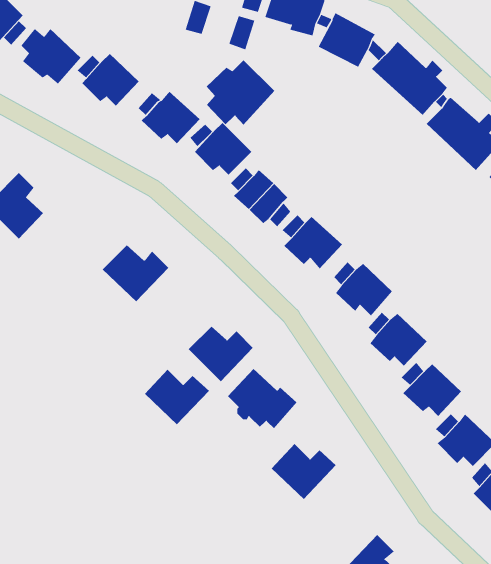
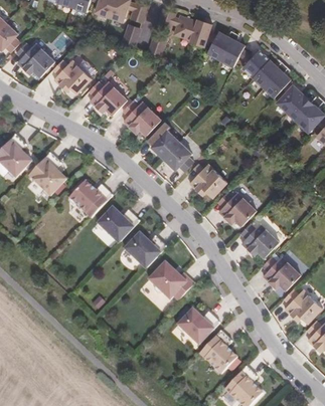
building: [206,60,275,125] -> none
building: none -> [28,153,65,196]
building: [144,369,210,425] -> [97,207,139,243]
building: none -> [198,332,235,375]

